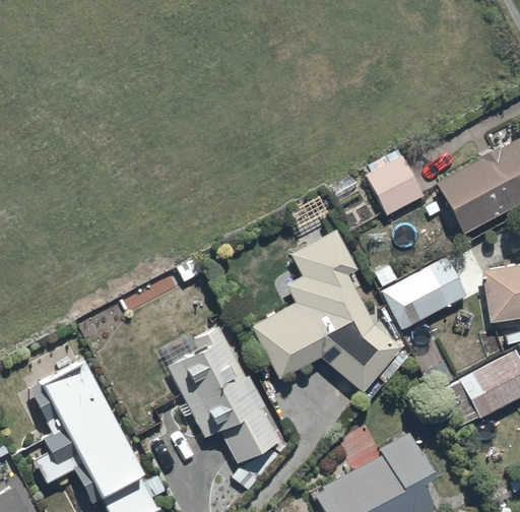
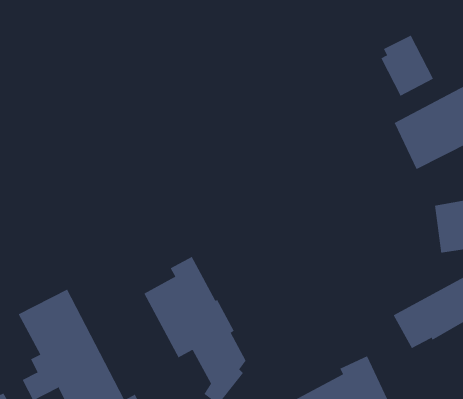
building: [367,148,425,215] -> [380,35,434,97]
building: [252,230,401,393] -> none
building: [382,257,466,329] -> none

